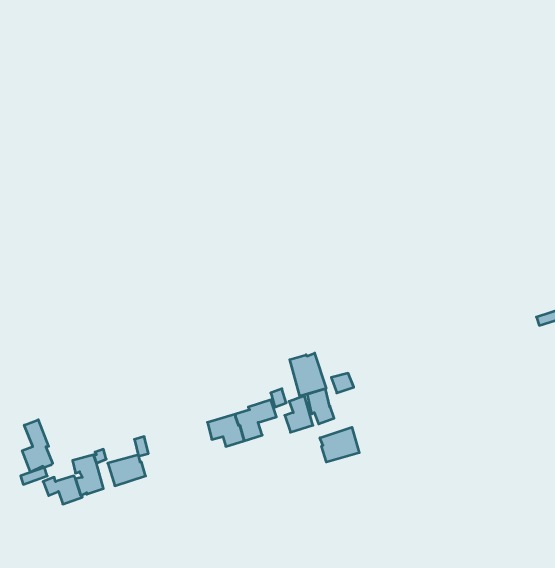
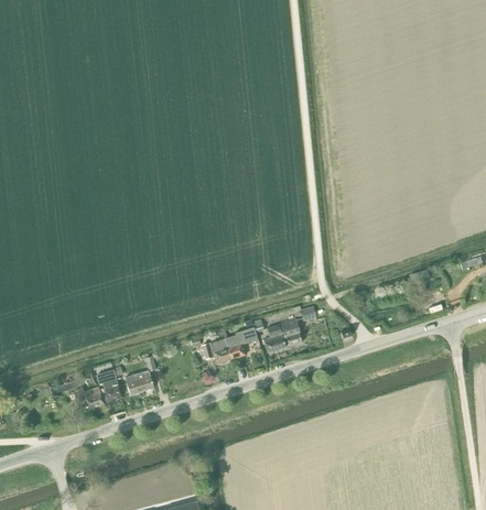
building: [290,353,326,396] -> none
building: [22,420,53,472] -> none
building: [320,427,359,462] -> none

